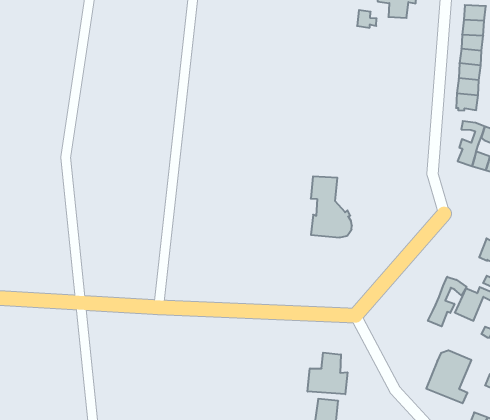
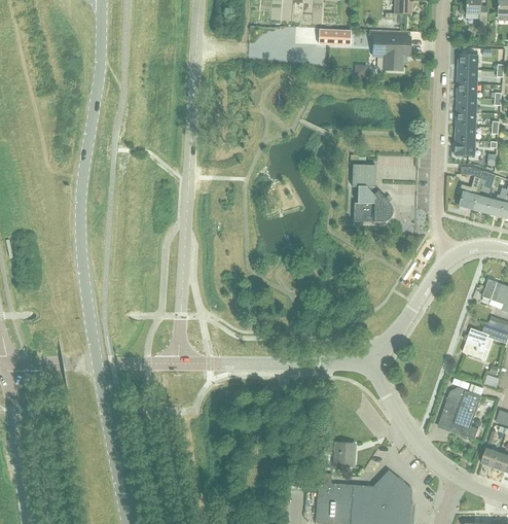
building: [311,176,352,237] -> [351,164,392,221]
building: [428,277,467,326] -> none
building: [308,353,347,394] -> none

